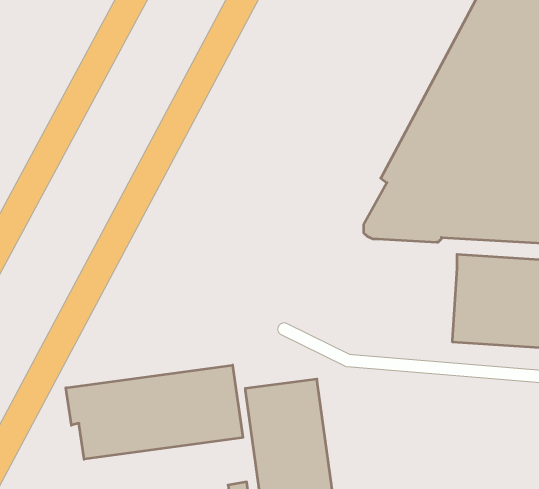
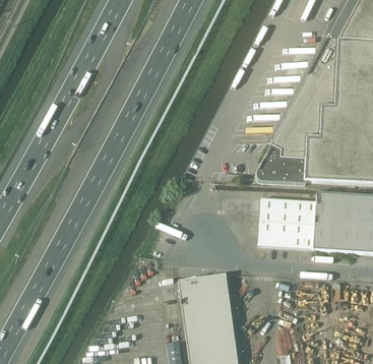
building: none -> [259,197,317,248]
building: [66,365,243,459] -> none

